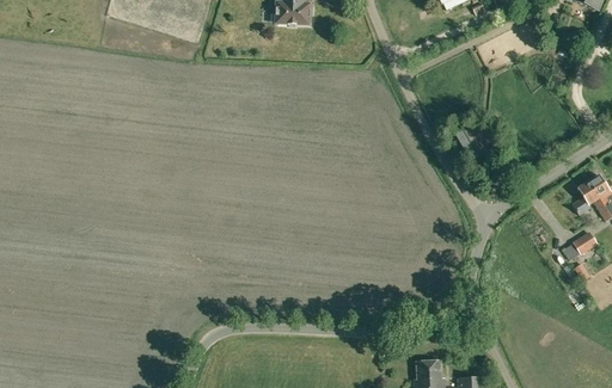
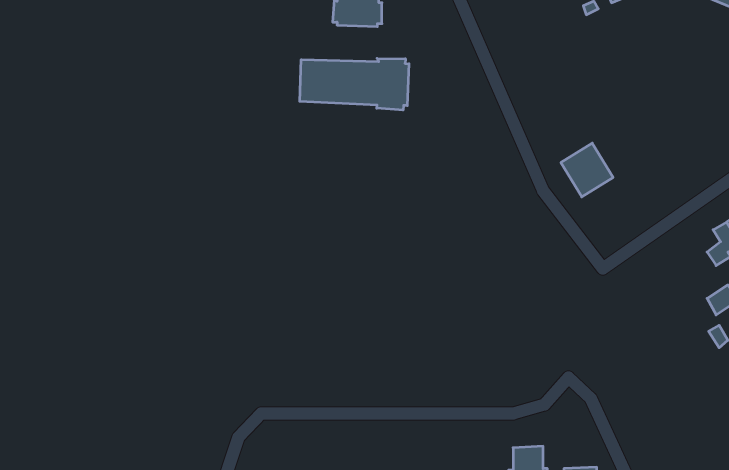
building: none -> [300,58,409,110]

